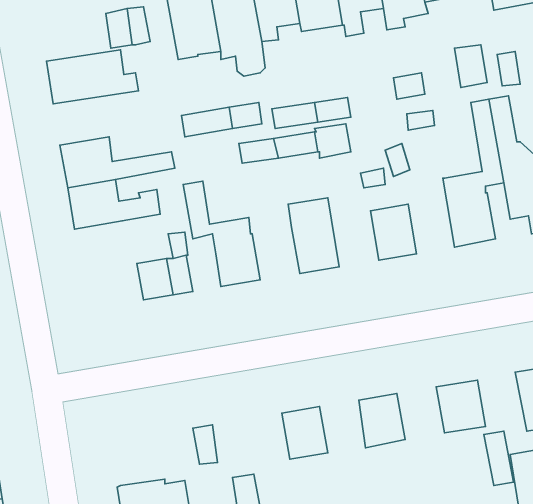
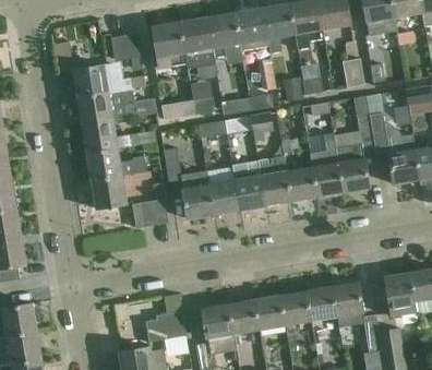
building: none -> [76,89,134,126]
building: none -> [310,132,343,198]
building: none -> [259,156,292,206]
building: none -> [91,176,127,208]
building: none -> [208,180,240,215]
building: none -> [304,286,336,321]
building: none -> [253,295,284,330]
building: none -> [202,303,233,338]
building: none -> [145,313,173,342]

